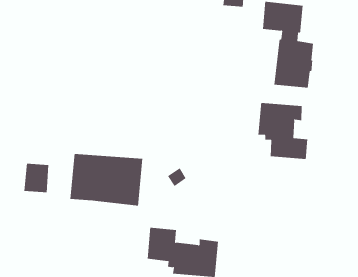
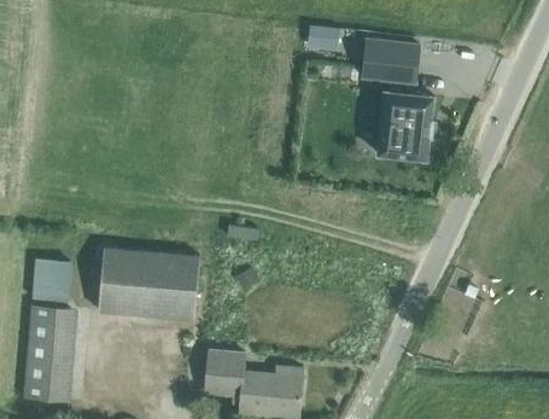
building: [258,102,308,160] -> none
building: none -> [24,304,76,401]

